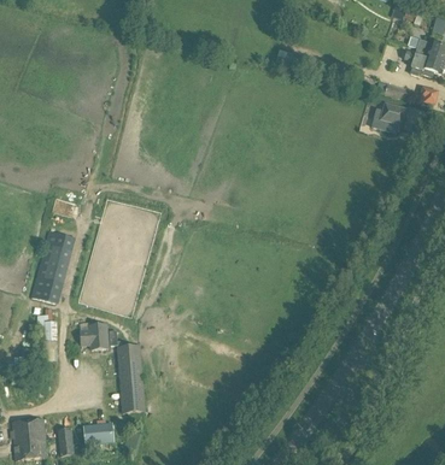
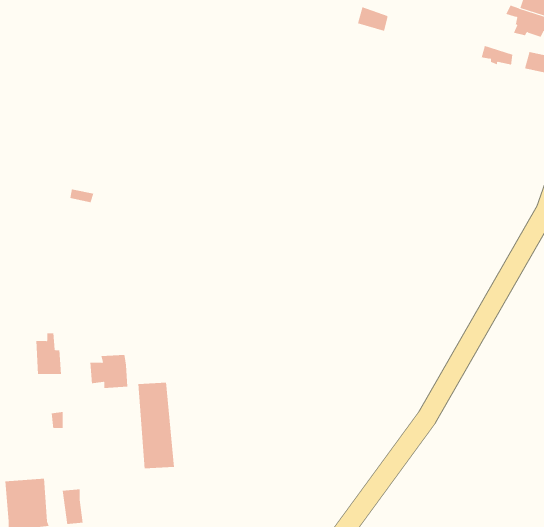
building: [373,102,405,133] -> none
building: [31,229,74,301] -> none
building: [83,423,116,445] -> none

